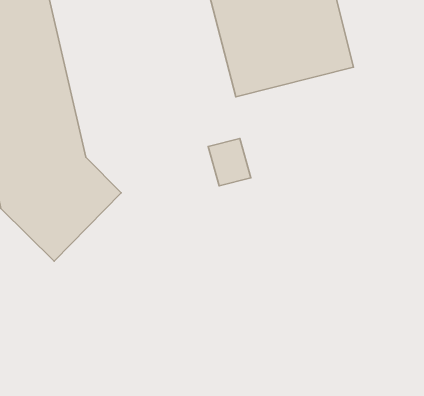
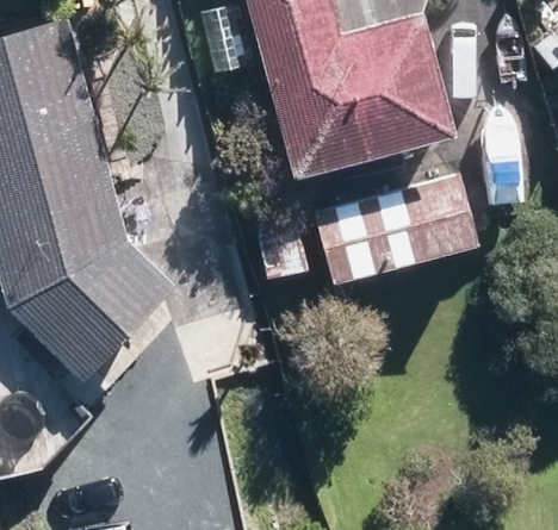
building: none -> [317,179,469,278]

